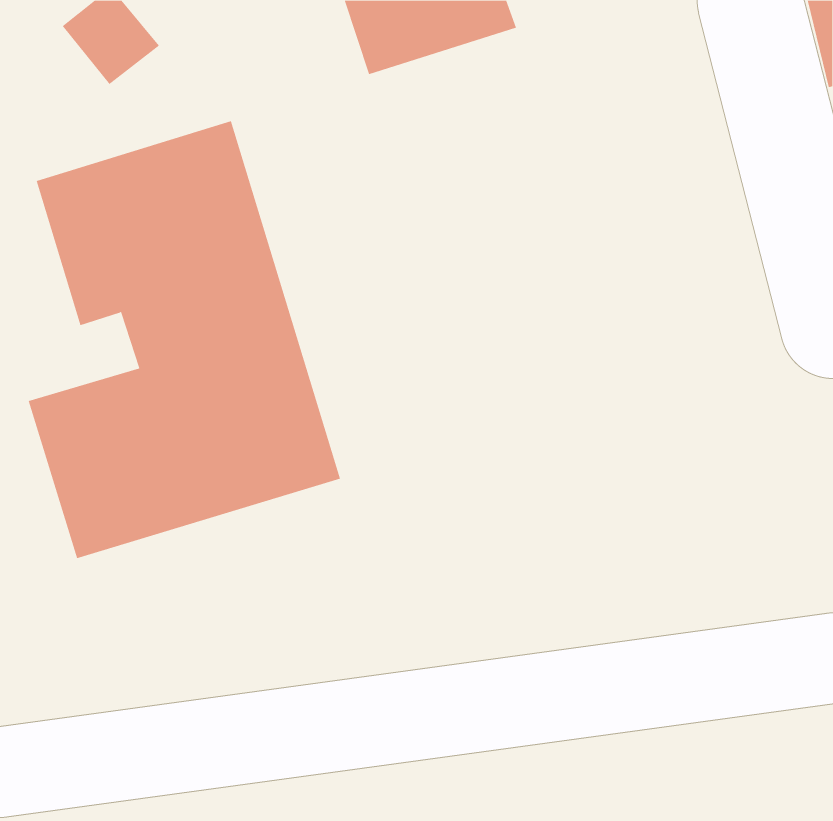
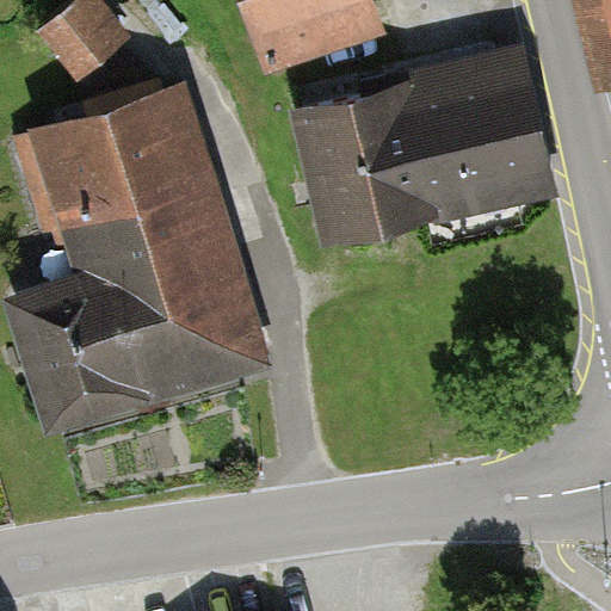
building: none -> [303,62,551,232]

